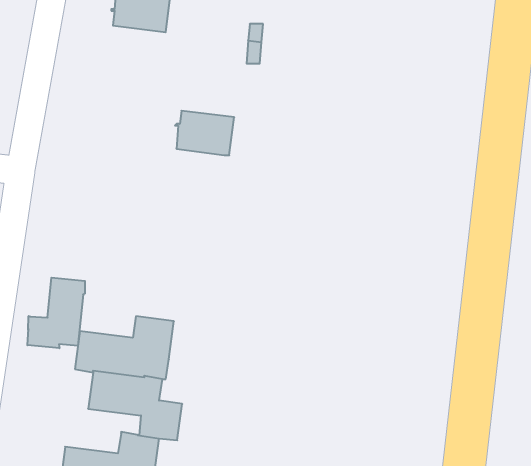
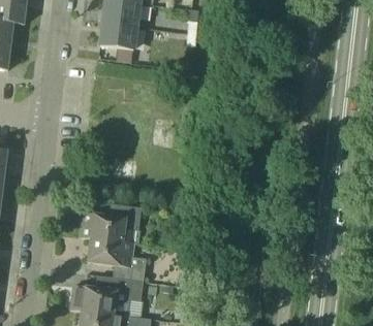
building: [175,111,234,155] -> [98,22,135,50]
building: [27,278,85,348] -> none

